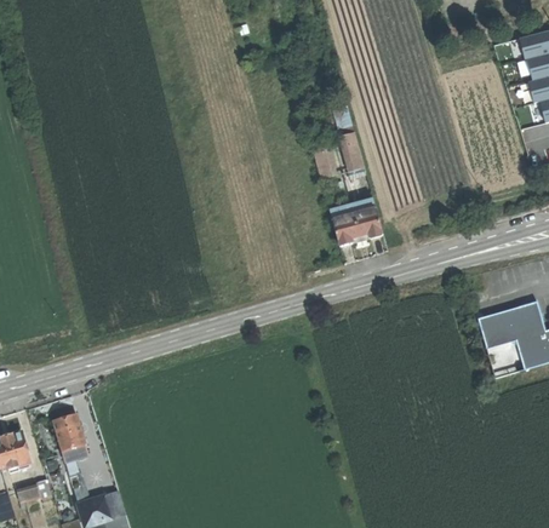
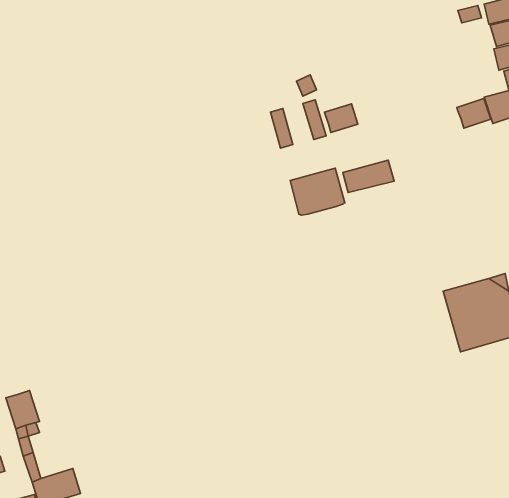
building: none -> [457,98,491,128]
building: none -> [324,104,358,133]
building: none -> [343,160,394,193]

